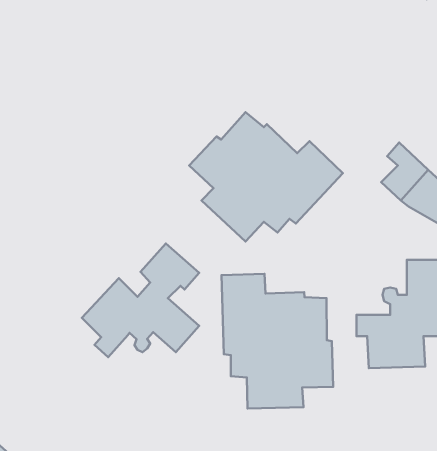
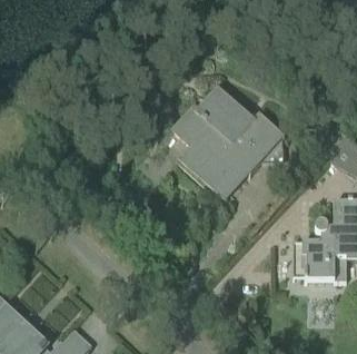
building: [82,243,199,357] -> none
building: [222,274,333,408] -> none

